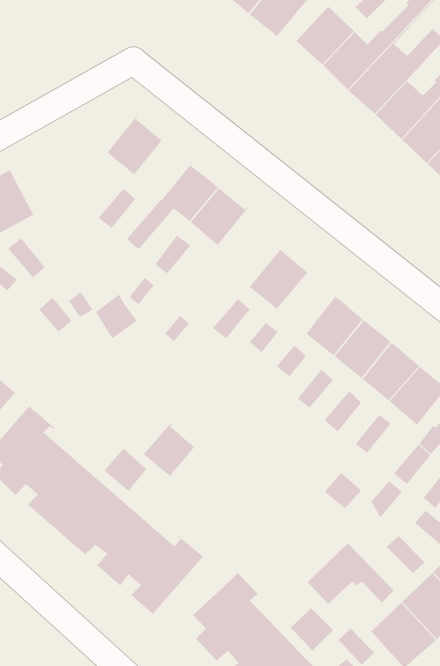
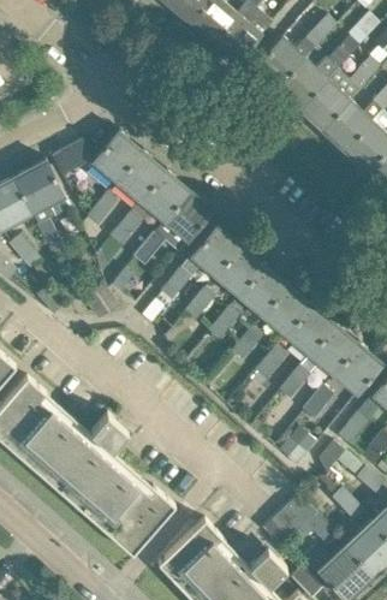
building: none -> [52,139,91,173]
building: none -> [117,150,166,201]
building: none -> [11,159,70,255]
building: none -> [160,225,240,301]
building: none -> [238,265,287,316]
building: [143,422,197,477] -> none

